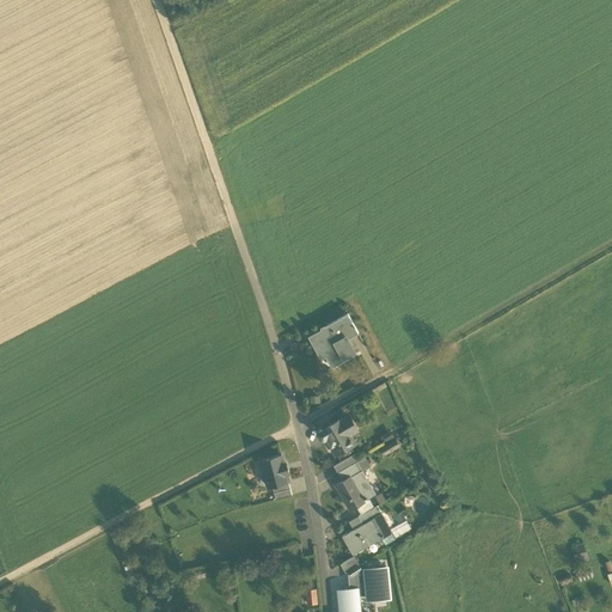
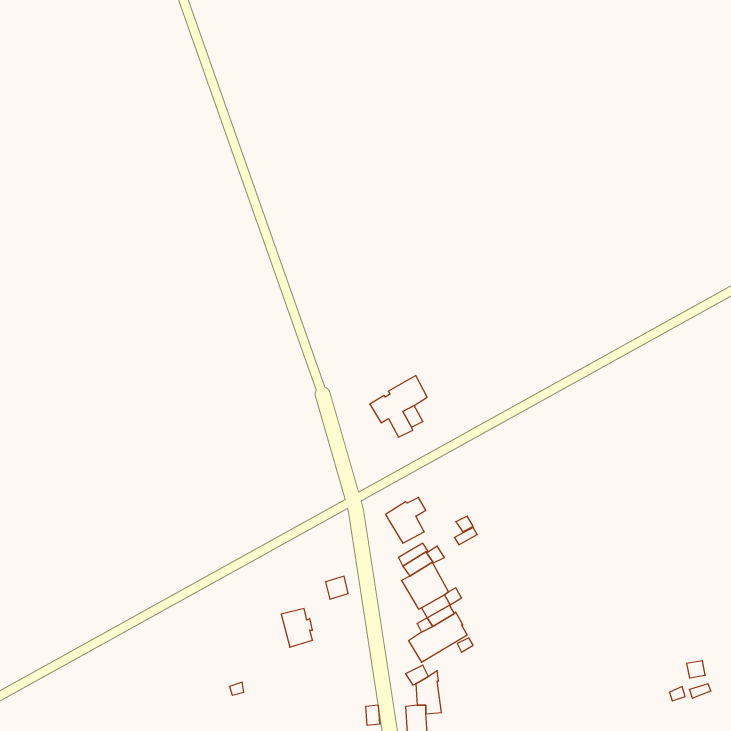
building: [261,455,287,488] -> [281,609,313,647]
building: [365,568,387,598] -> none

